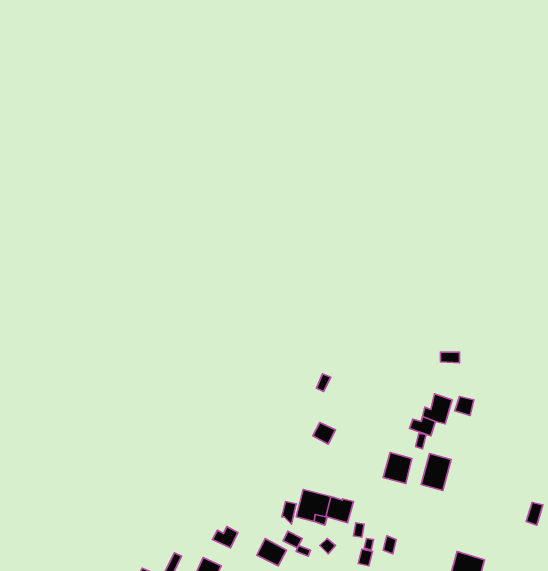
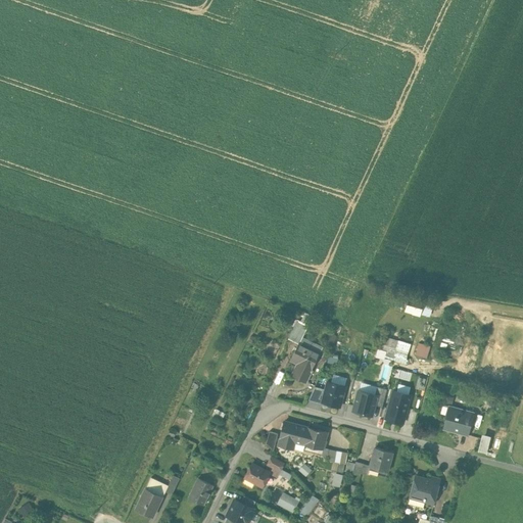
building: none -> [289,342,319,370]
building: none -> [321,381,344,407]
building: none -> [443,407,474,435]
building: none -> [369,446,392,470]

